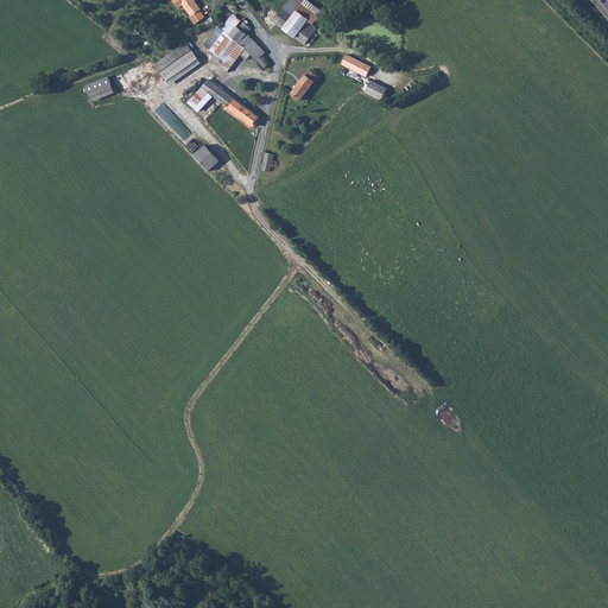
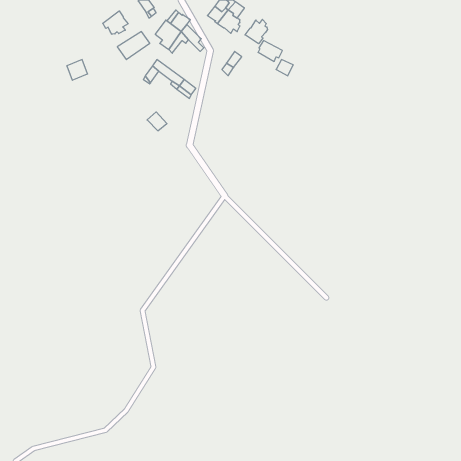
building: none -> [103,11,128,34]
building: none -> [245,19,268,44]

